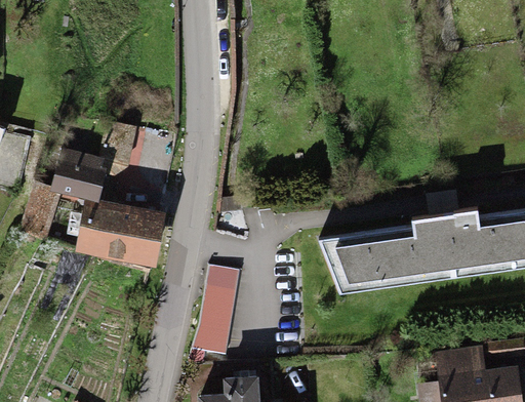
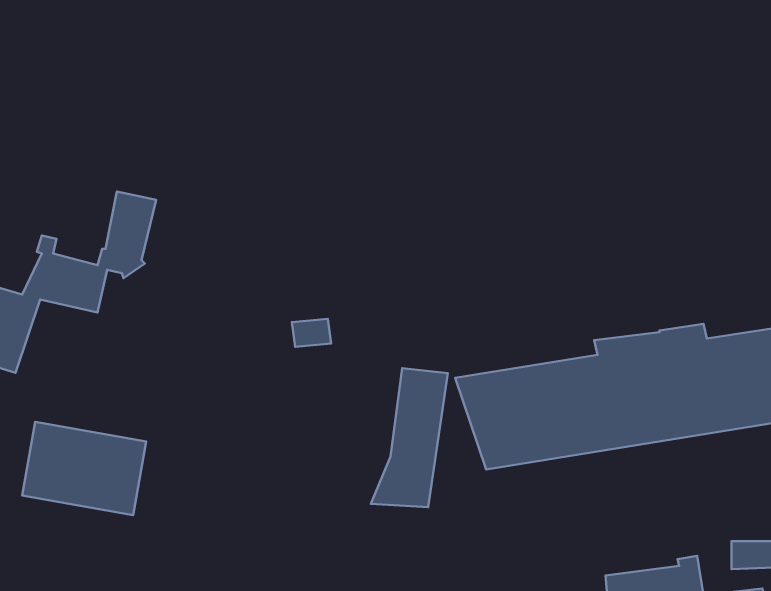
building: [82,202,160,260] -> [22,422,146,515]
building: [191,267,239,354] -> [371,368,448,507]

